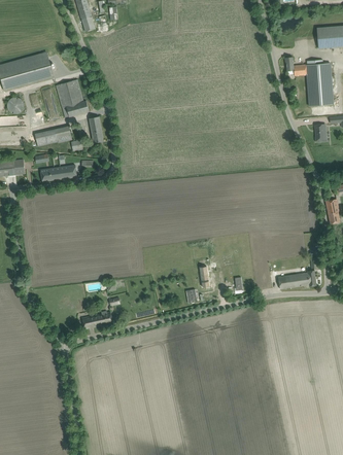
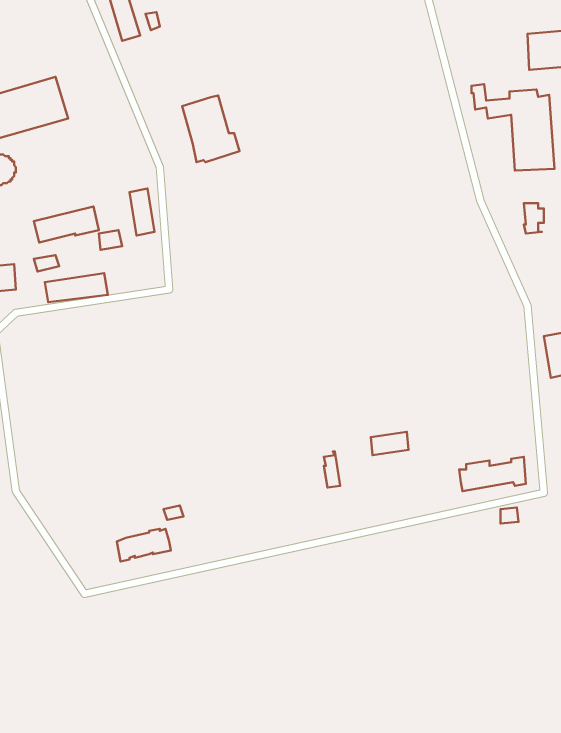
building: [56,79,89,117] -> [182,96,240,162]

